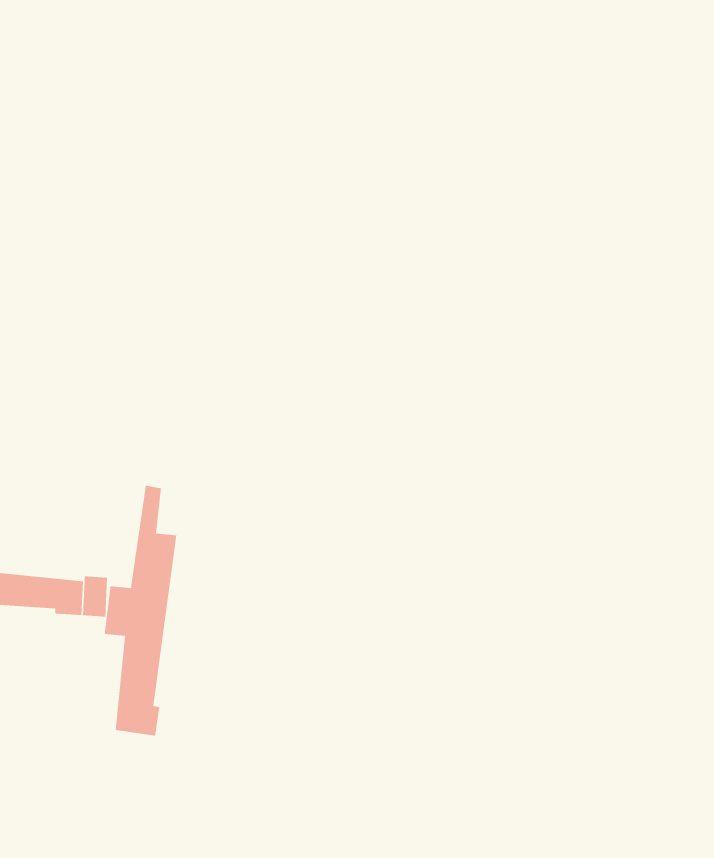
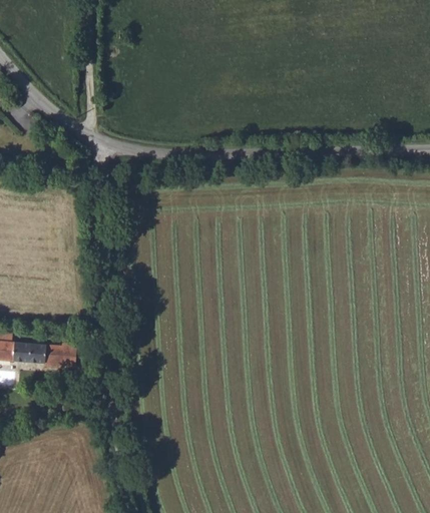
building: [104,485,177,736] -> none

